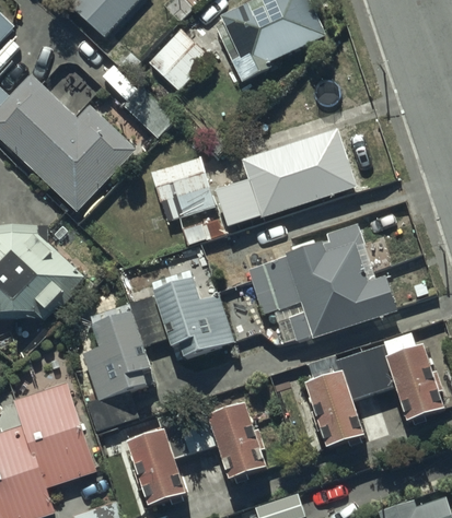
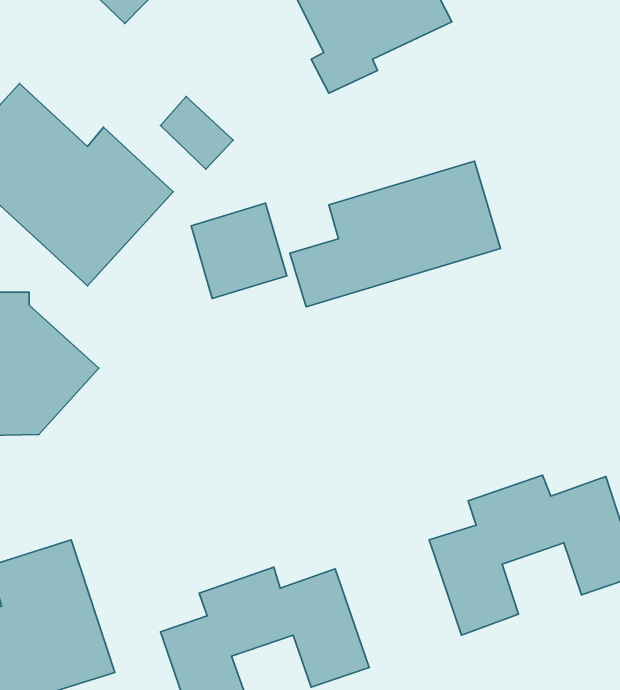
building: [146,30,207,92] -> none
building: [244,234,397,341] -> none
building: [80,278,231,432] -> none

